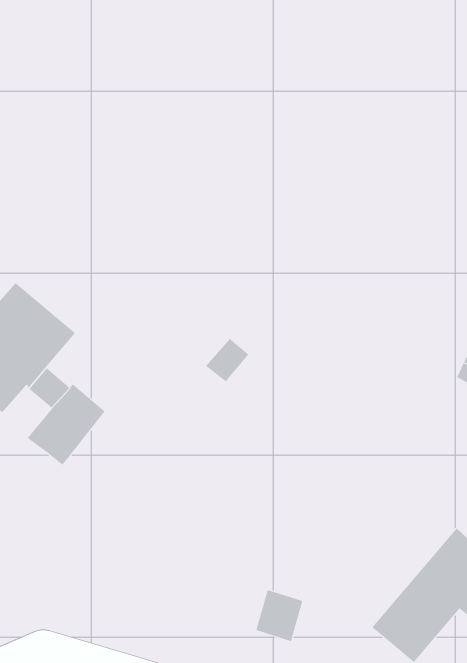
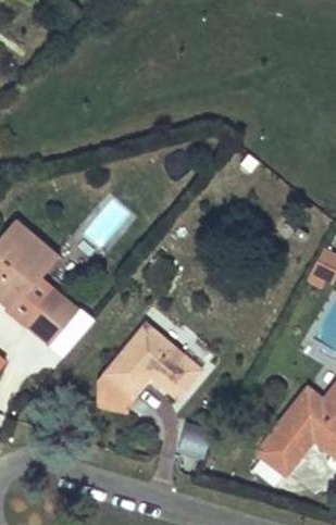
building: none -> [99,322,201,413]

